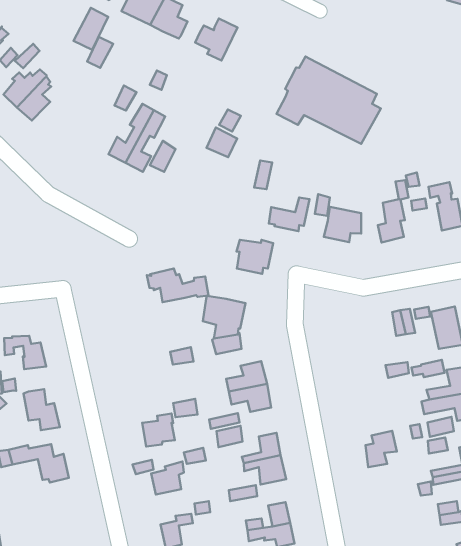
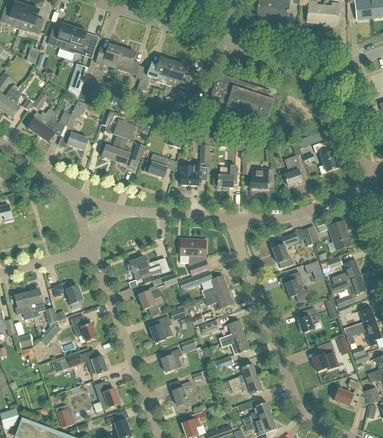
building: none -> [166,60,190,87]
building: none -> [64,106,89,149]
building: none -> [143,152,172,177]
building: [236,240,273,274] -> [179,163,202,185]
building: [147,269,208,302] -> [127,255,169,278]
building: none -> [272,231,298,267]
building: none -> [139,284,163,315]
building: none -> [284,270,311,301]
building: none -> [312,340,336,370]
building: none -> [95,379,121,409]

